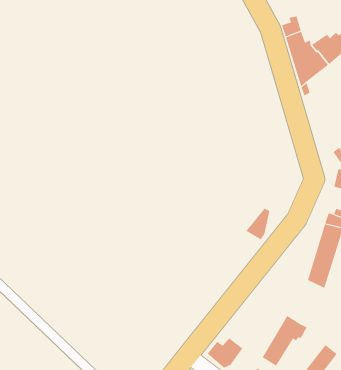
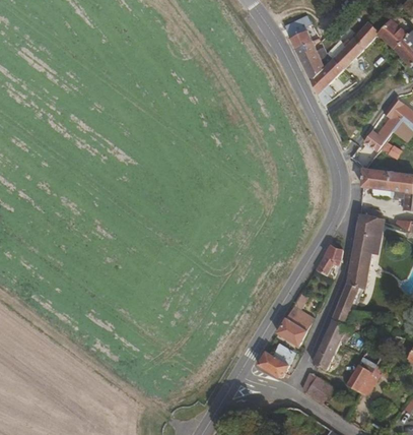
building: [246,208,270,240] -> [316,246,337,277]
building: none -> [332,282,362,325]
building: none -> [277,306,314,348]

